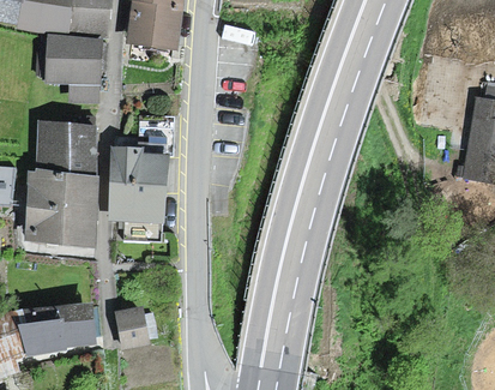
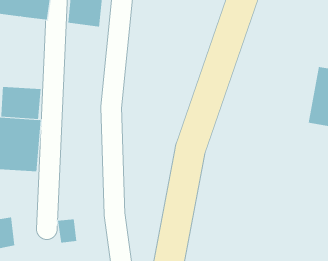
building: [49,40,101,78] -> none
building: [113,150,167,218] -> none
building: [55,306,93,347] -> none

